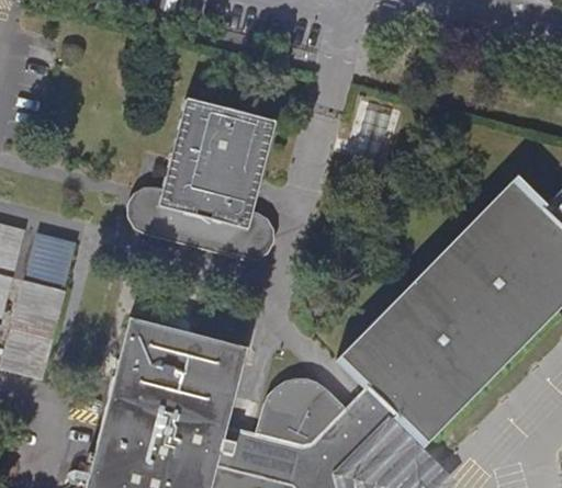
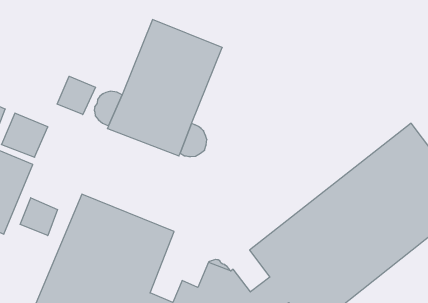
building: none -> [57,76,95,115]
building: none -> [20,198,58,236]

